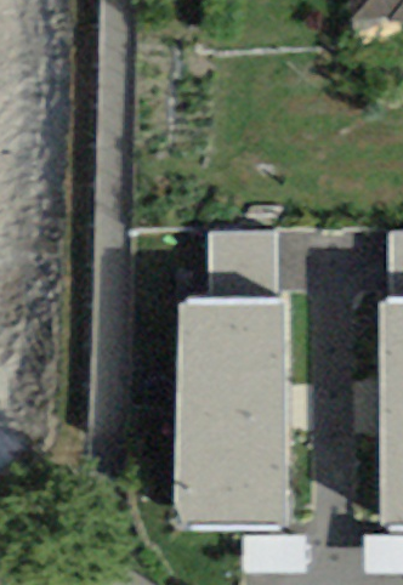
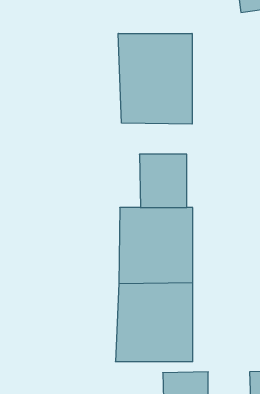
building: none -> [118,33,192,124]

